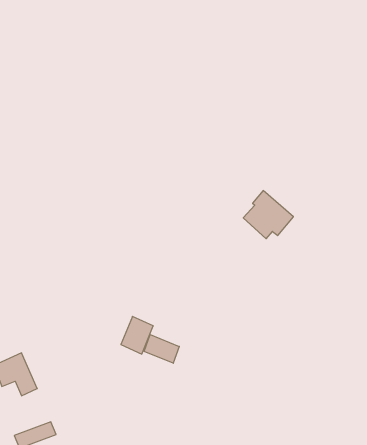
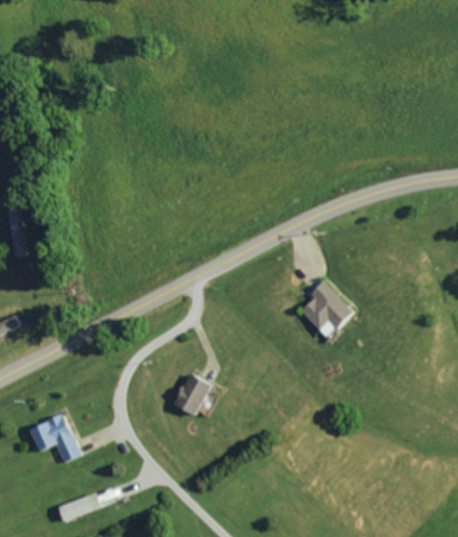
building: [243,191,293,239] -> [299,282,357,337]
building: [144,335,179,363] -> none

